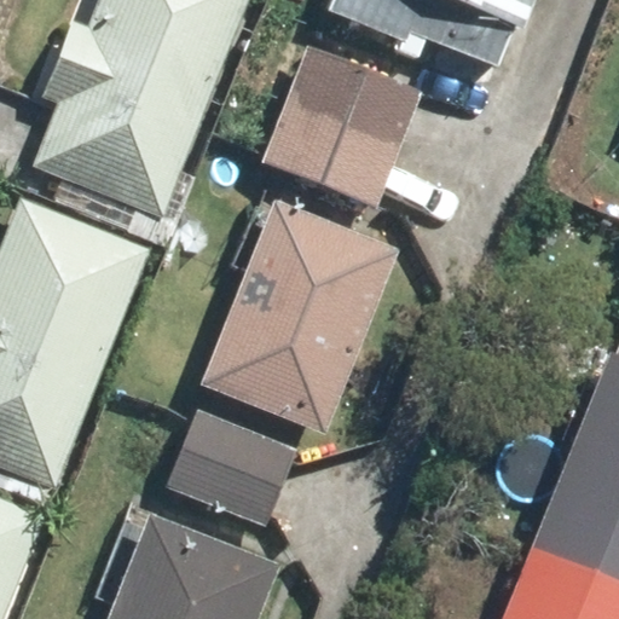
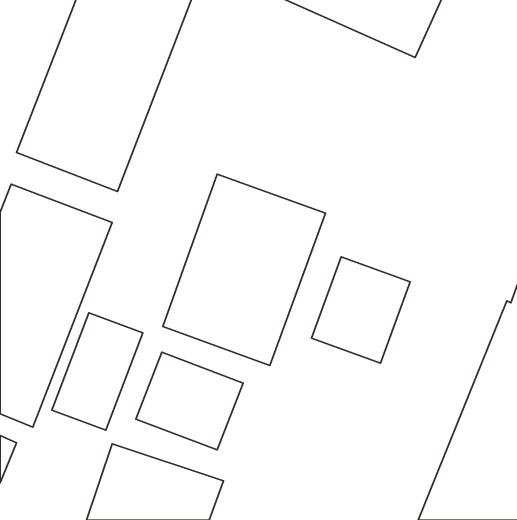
building: [262,42,424,210] -> none
building: none -> [311,257,410,363]
building: none -> [52,313,143,430]

